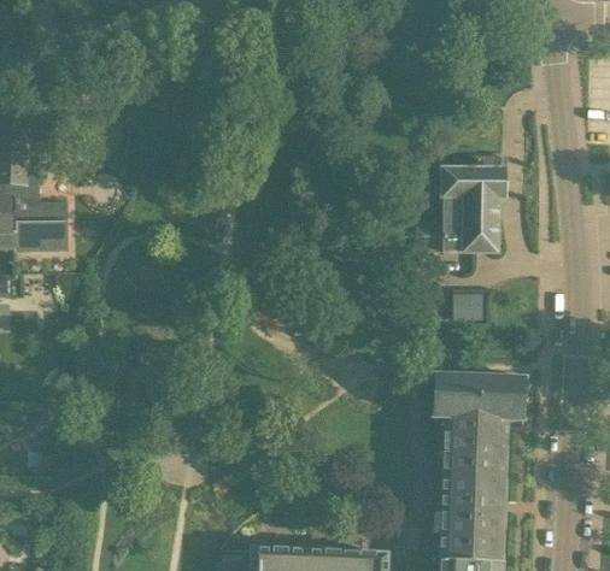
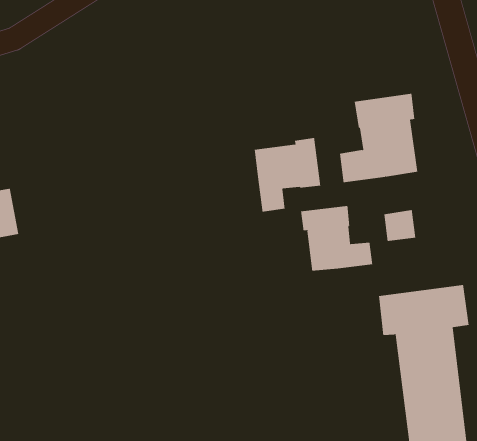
building: none -> [254,137,321,213]
building: none -> [300,205,373,272]

